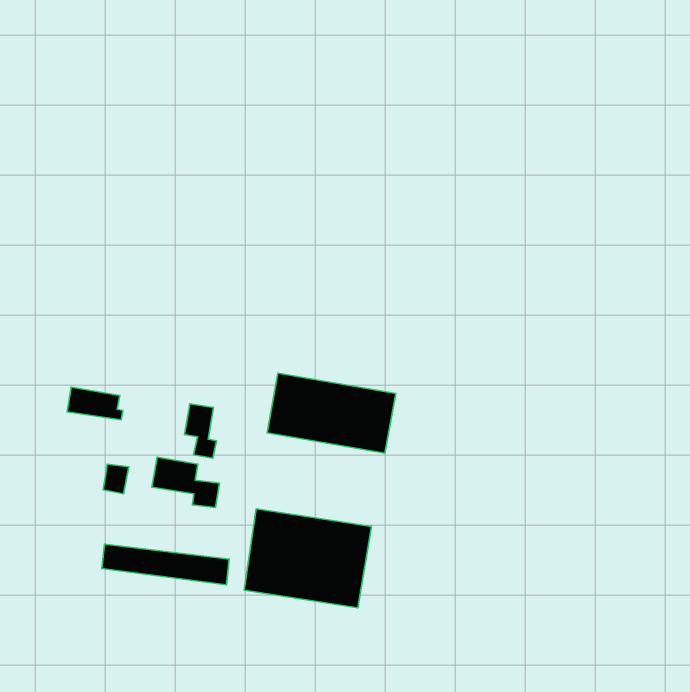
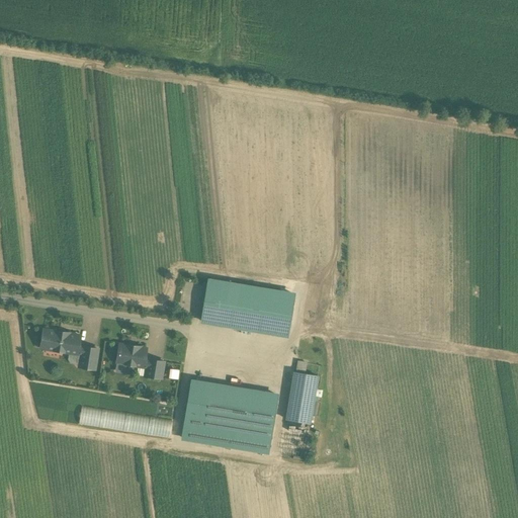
building: [67,387,123,420] -> [38,329,80,353]
building: [185,404,216,458] -> none
building: none -> [284,373,319,425]

